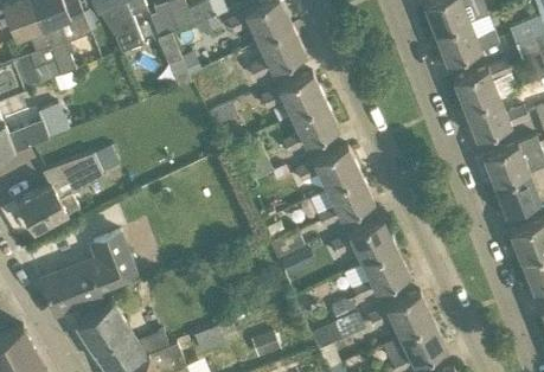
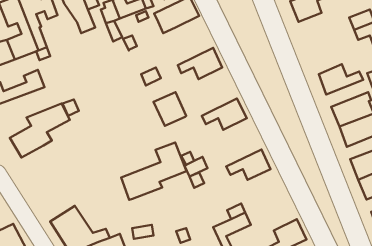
building: [435,21,499,64] -> none
building: [249,26,305,79] -> none
building: [453,60,510,110] -> none
building: [282,101,338,154] -> none
building: [318,174,373,227] -> none
building: [41,231,136,314] -> [121,142,187,200]
building: [353,248,409,300] -> none
building: [369,291,433,336] -> none

